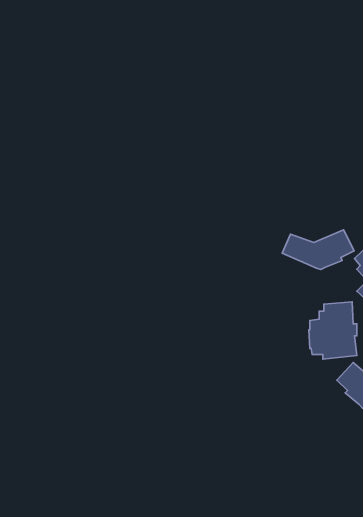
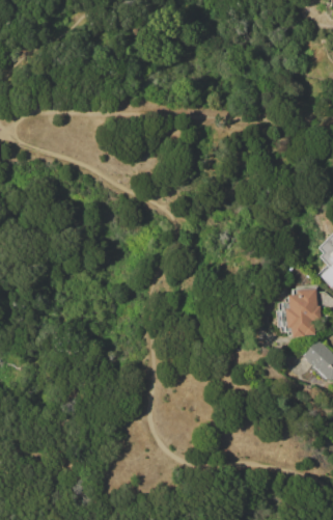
building: [282,230,354,270] -> none

